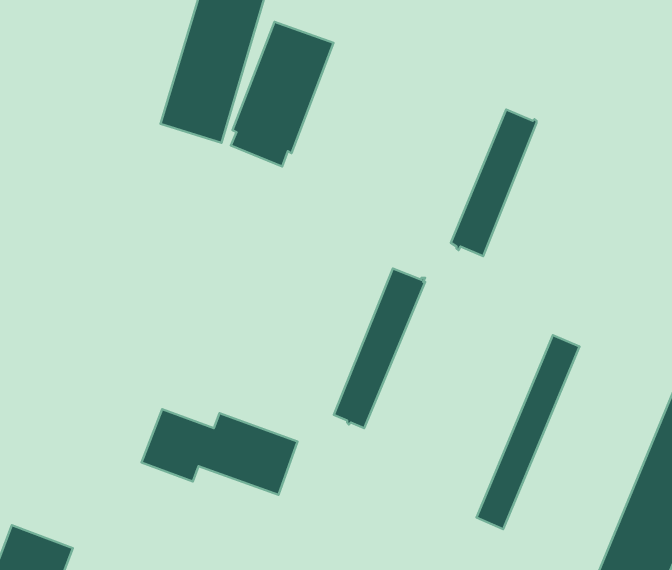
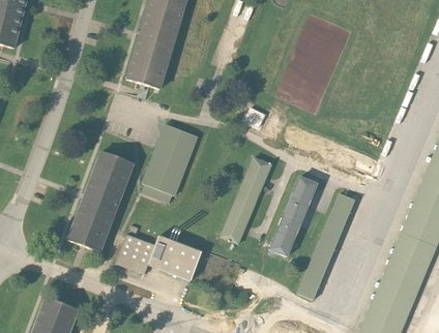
building: [231,22,334,166] -> [142,124,198,203]
building: [451,110,537,256] -> [269,176,316,255]
building: none -> [67,151,134,251]

